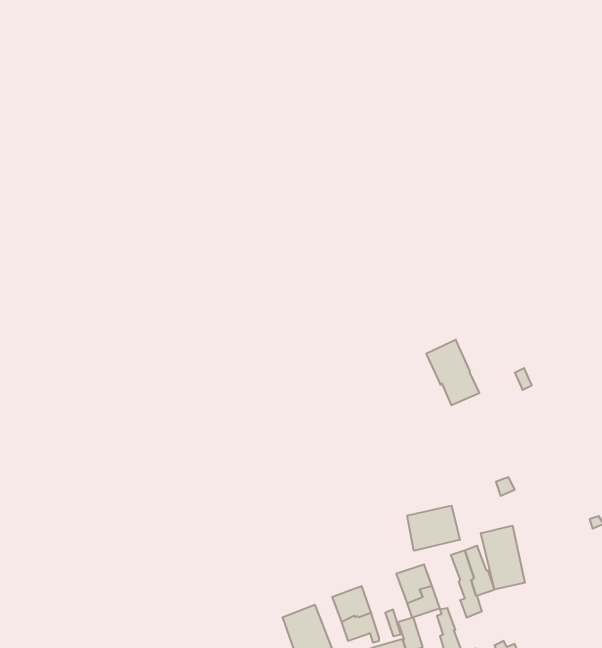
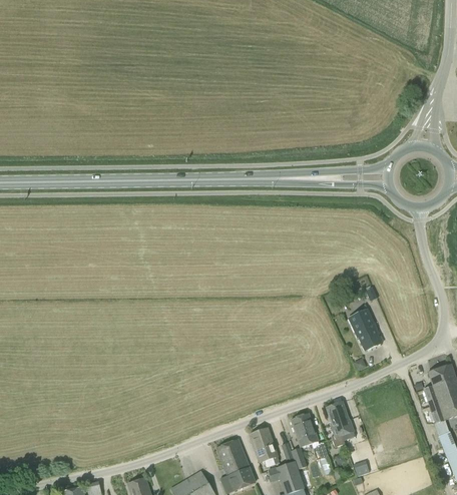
building: [426,340,479,405] -> [349,309,383,351]
building: [407,506,460,551] -> none
building: [481,526,525,589] -> none

